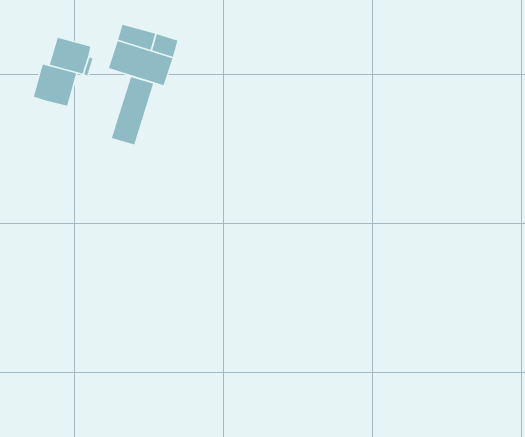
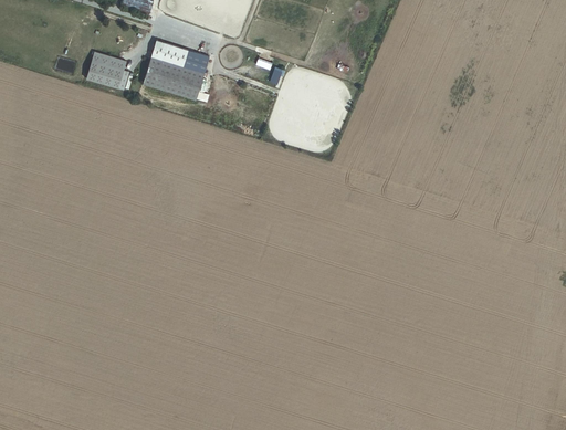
building: [33,64,77,106] -> none
building: [111,76,154,145] -> none

